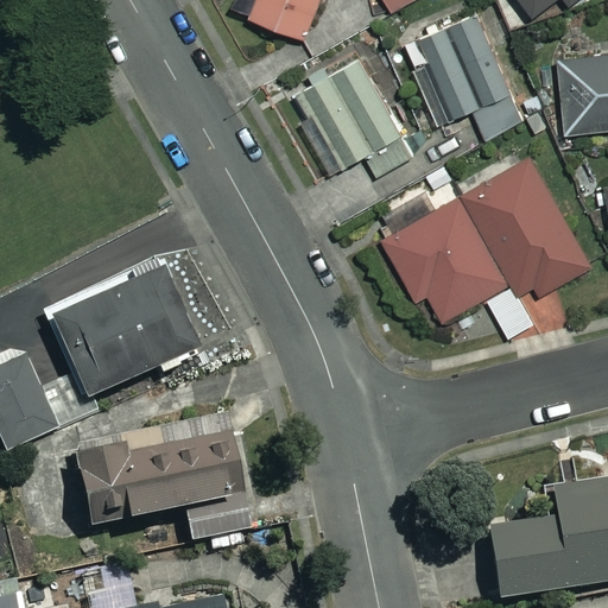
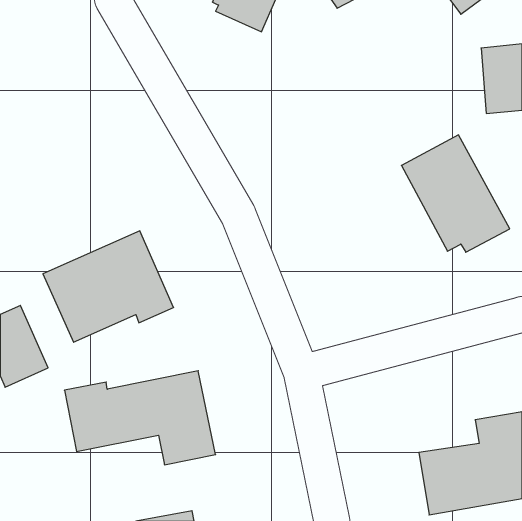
building: [387,7,525,137] -> none
building: [299,56,416,175] -> none
building: [384,192,537,336] -> none

